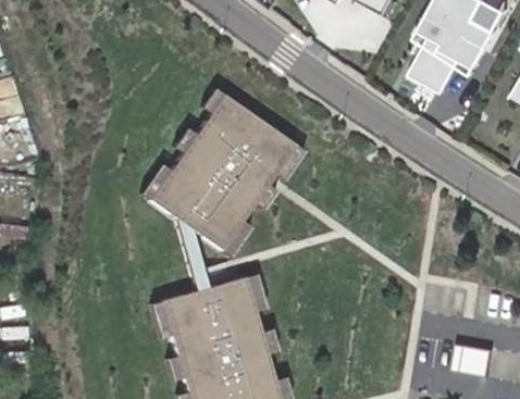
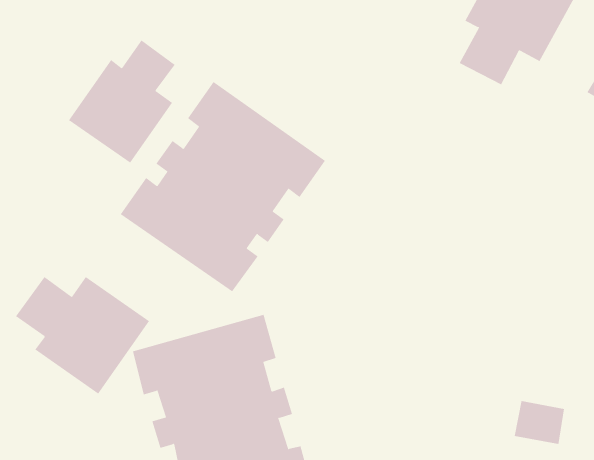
building: none -> [68,40,175,164]
building: none -> [15,276,150,394]

